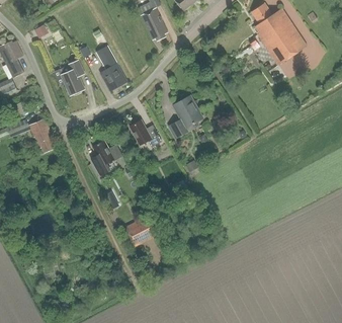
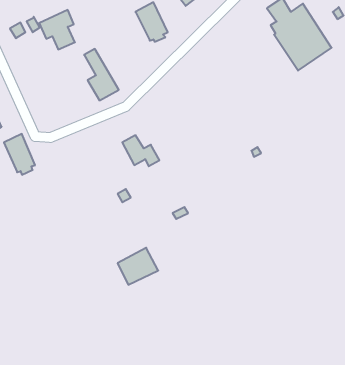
building: [54,61,84,94] -> [39,10,75,49]
building: [169,95,203,138] -> none
building: [92,141,122,176] -> none

